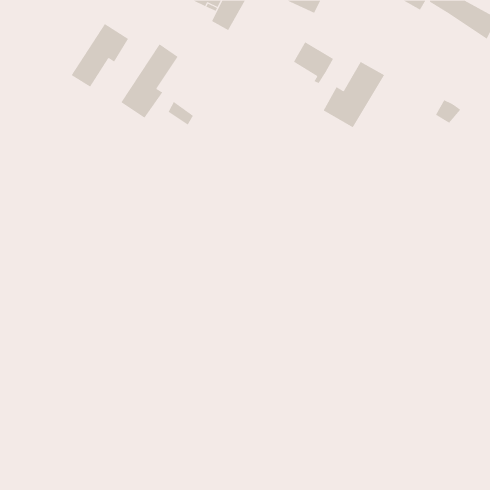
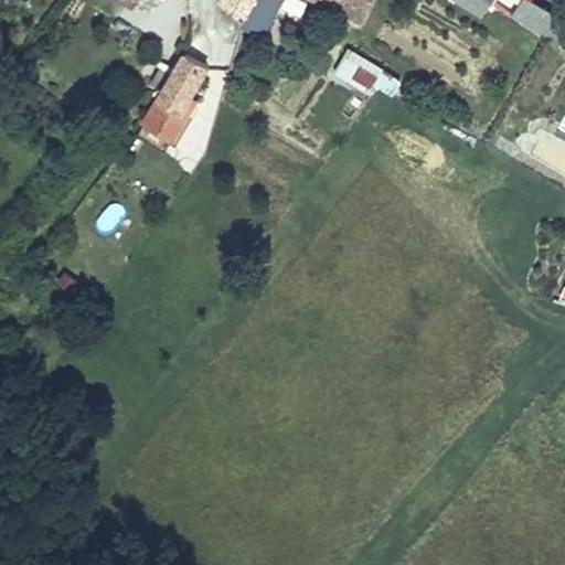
building: [71,23,129,88] -> none
building: [323,61,385,128] -> none

